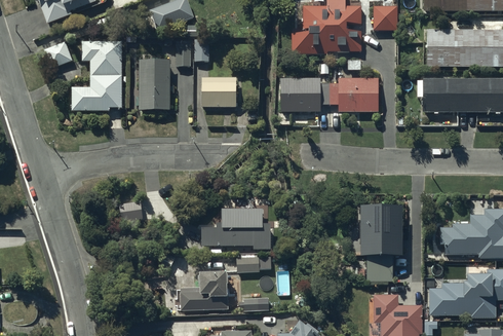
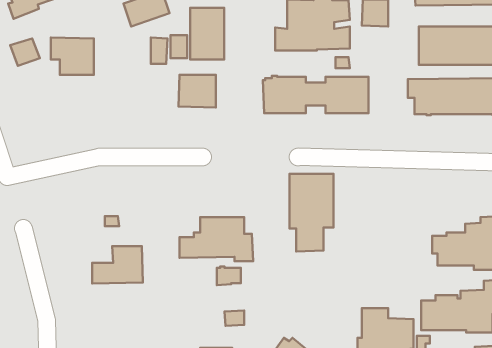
building: [139,61,170,109] -> [190,8,224,59]
building: [72,75,122,110] -> none
building: [360,209,401,282] -> [289,174,333,252]
building: [181,275,228,310] -> [92,246,143,284]

